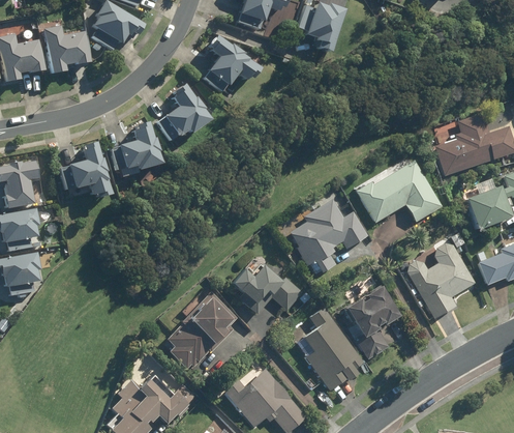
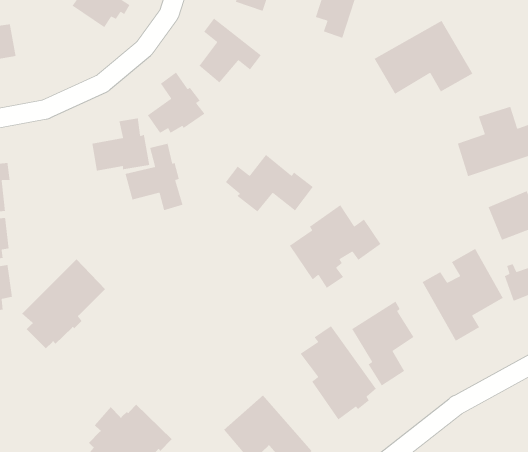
building: [47,26,92,75] -> none
building: [61,141,113,201] -> [125,143,183,211]
building: [354,158,442,225] -> [374,20,473,95]
building: [225,262,304,314] -> [225,154,314,213]
building: [162,291,237,371] -> [21,259,106,349]

